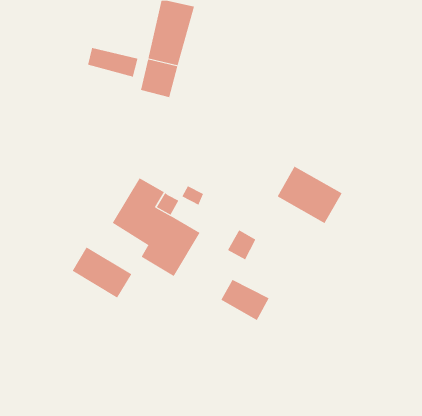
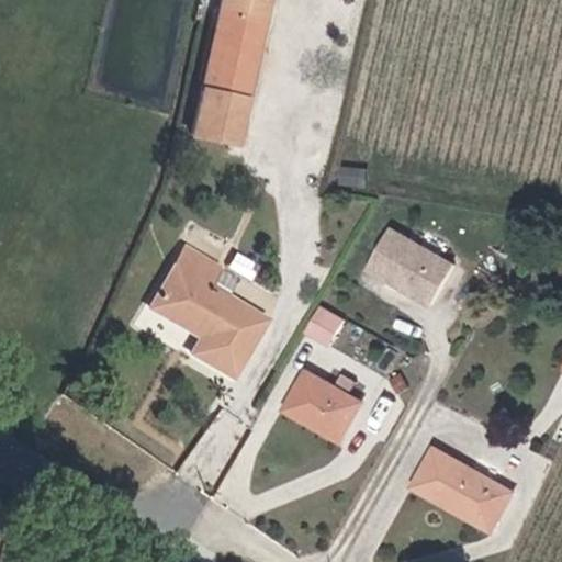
building: [88,47,138,78] -> none
building: [72,247,132,298] -> none
building: none -> [419,451,513,527]

